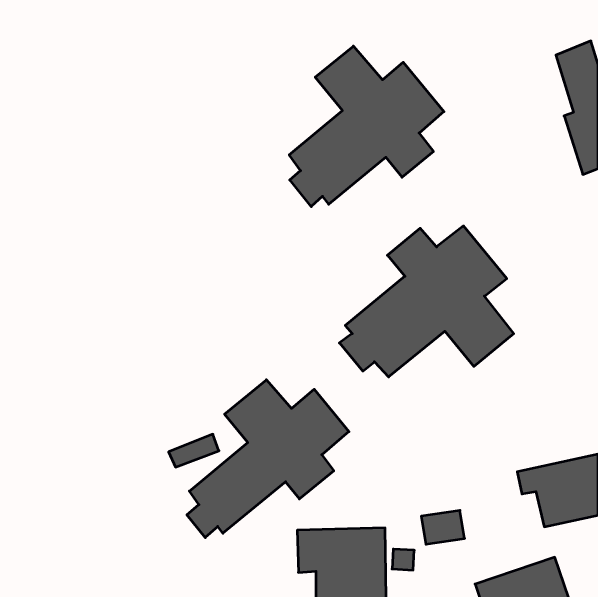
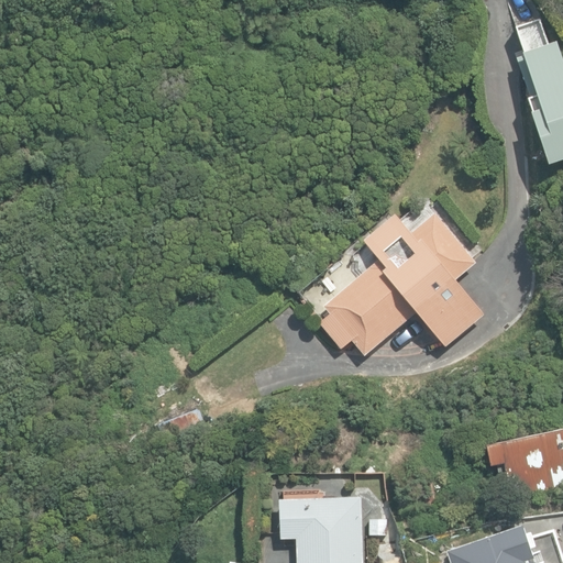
building: [289,46,444,207] -> none
building: [187,380,349,538] -> none

